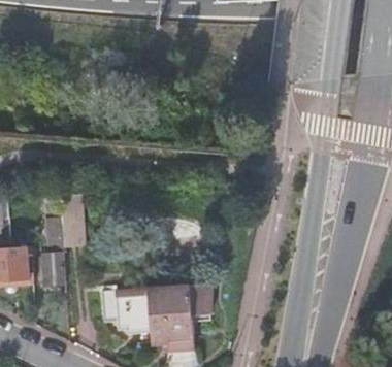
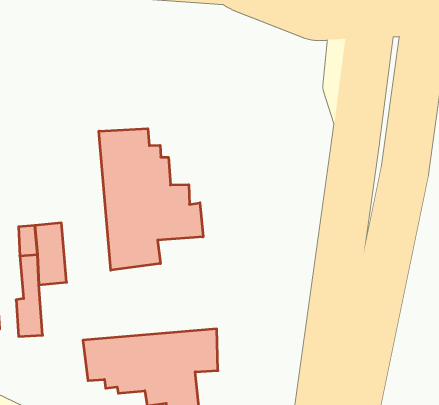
building: none -> [99,129,203,270]

